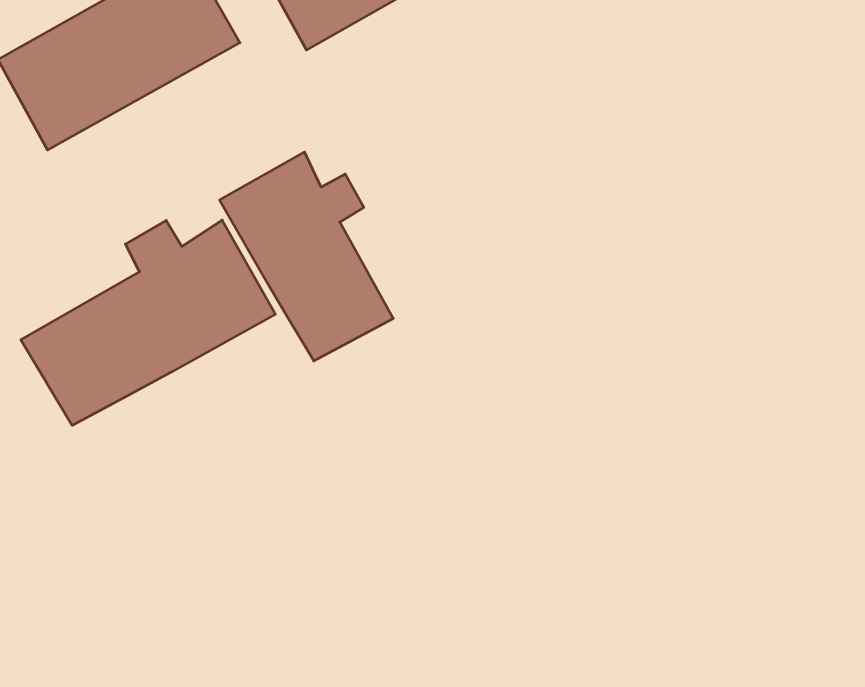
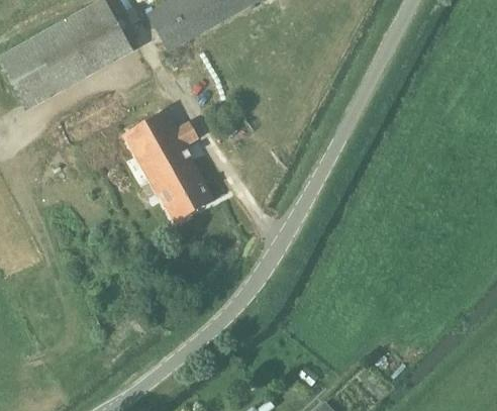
building: [21,220,275,425] -> none

